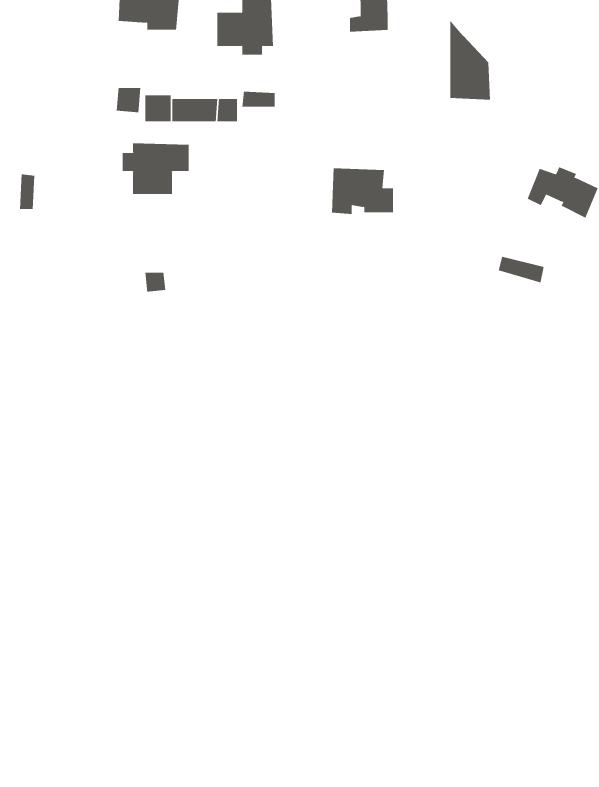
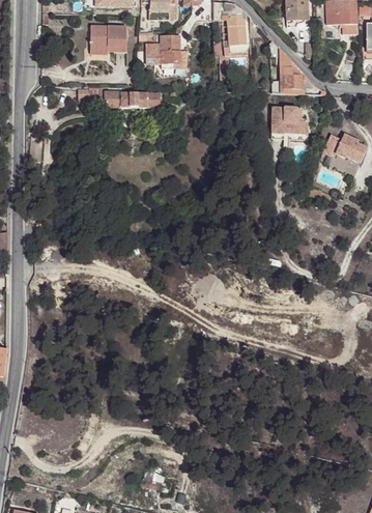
building: [122,142,189,195] -> none
building: [331,168,394,215] -> [270,106,307,133]

